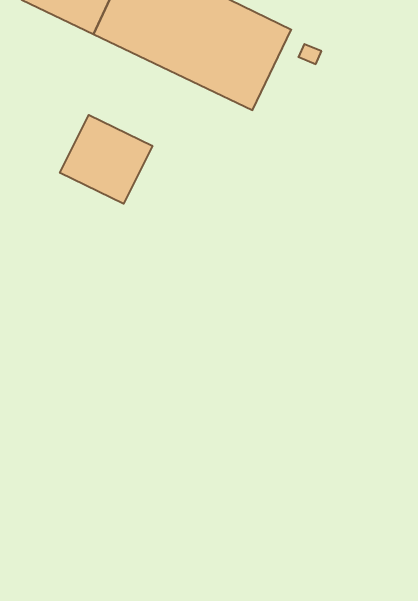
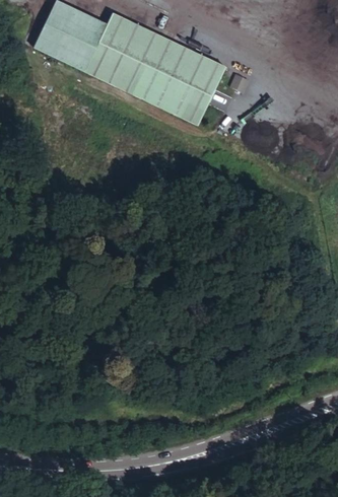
building: [60,115,152,204] -> none

